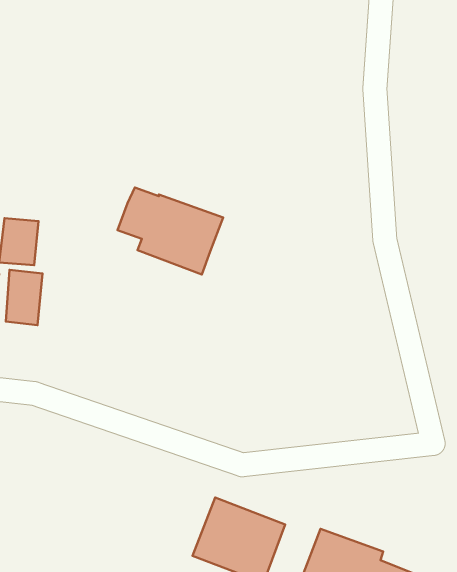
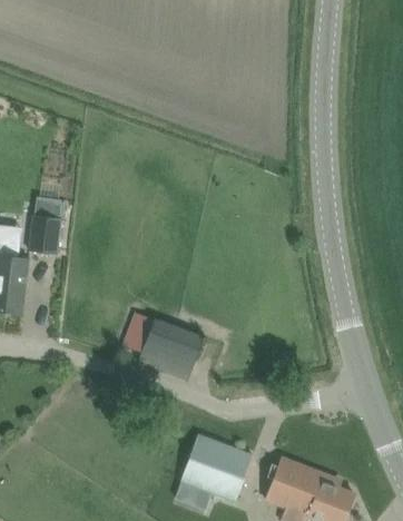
building: [118,188,223,274] -> [122,313,205,381]
building: [6,270,43,325] -> none

